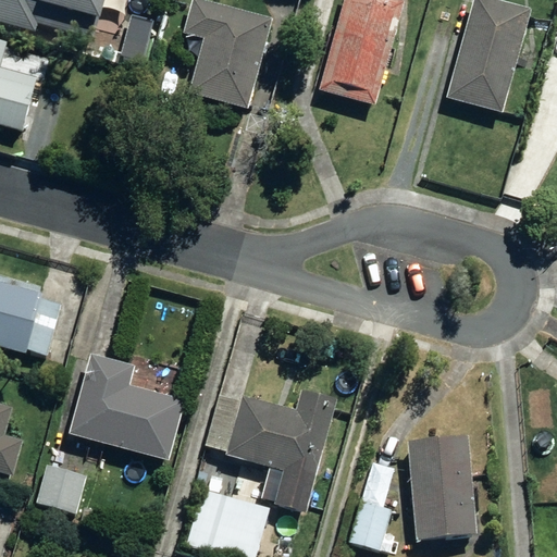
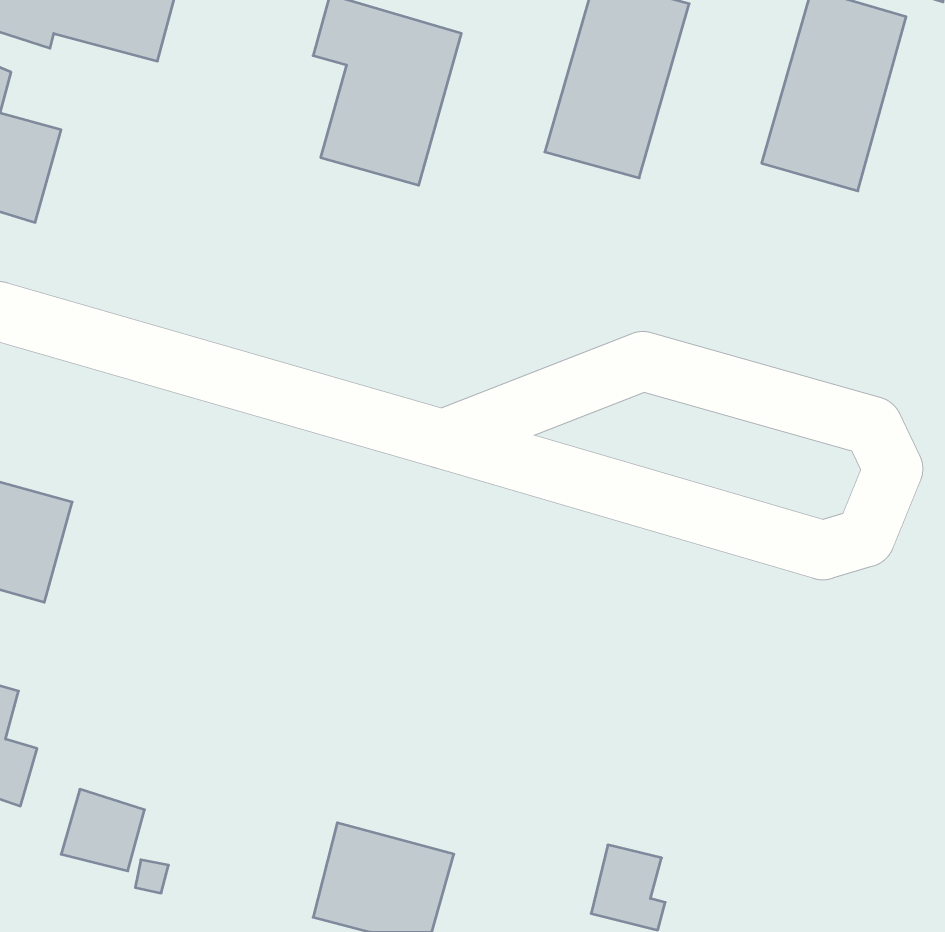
building: [70,355,185,460] -> none
building: [221,385,333,506] -> none
building: [404,431,471,533] -> none

